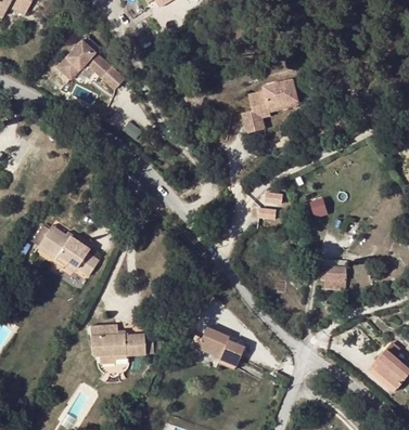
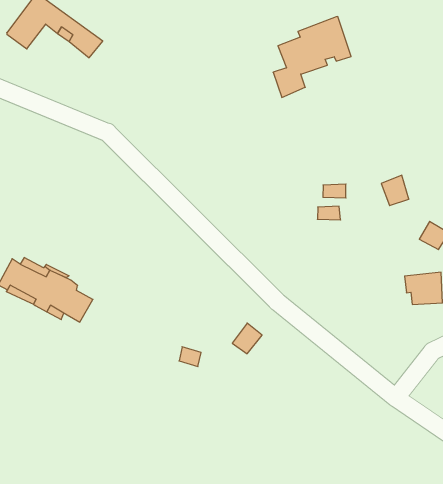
building: [90,326,153,357] -> none
building: [179,328,242,368] -> none

